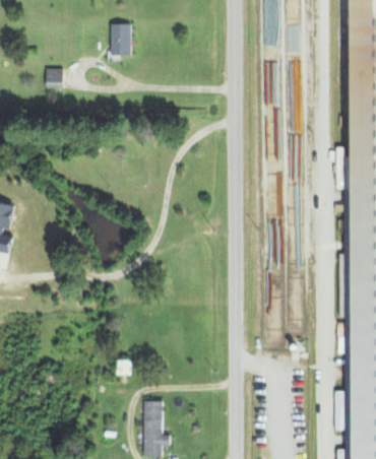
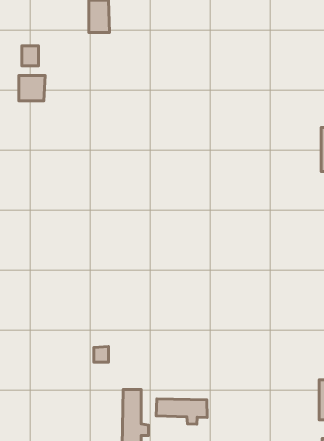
building: none -> [19,76,45,101]
building: none -> [156,399,207,424]

